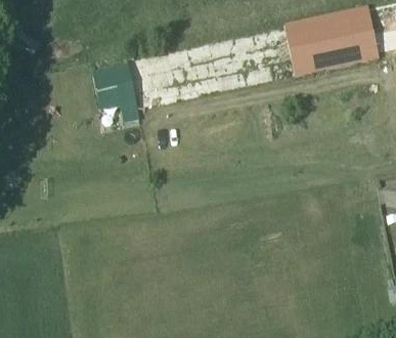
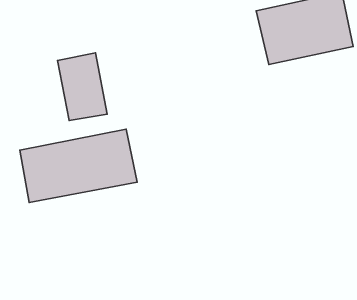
building: none -> [20,129,137,203]

